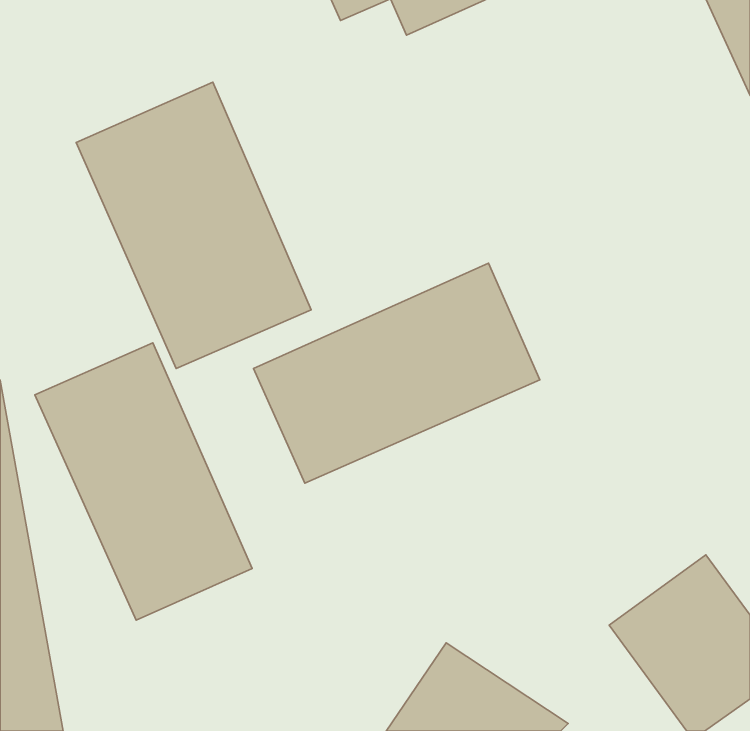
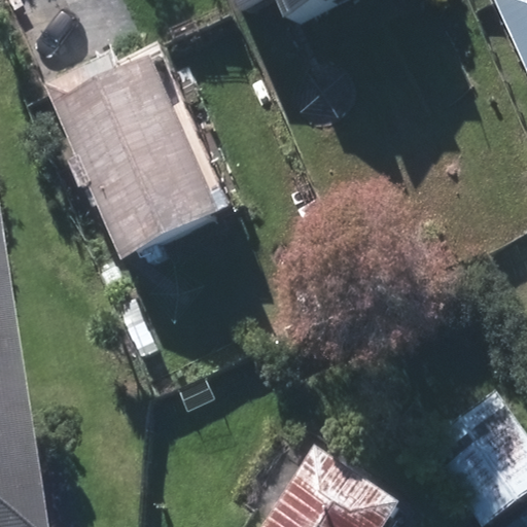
building: [254,263,540,483] -> none
building: [35,343,252,620] -> none

